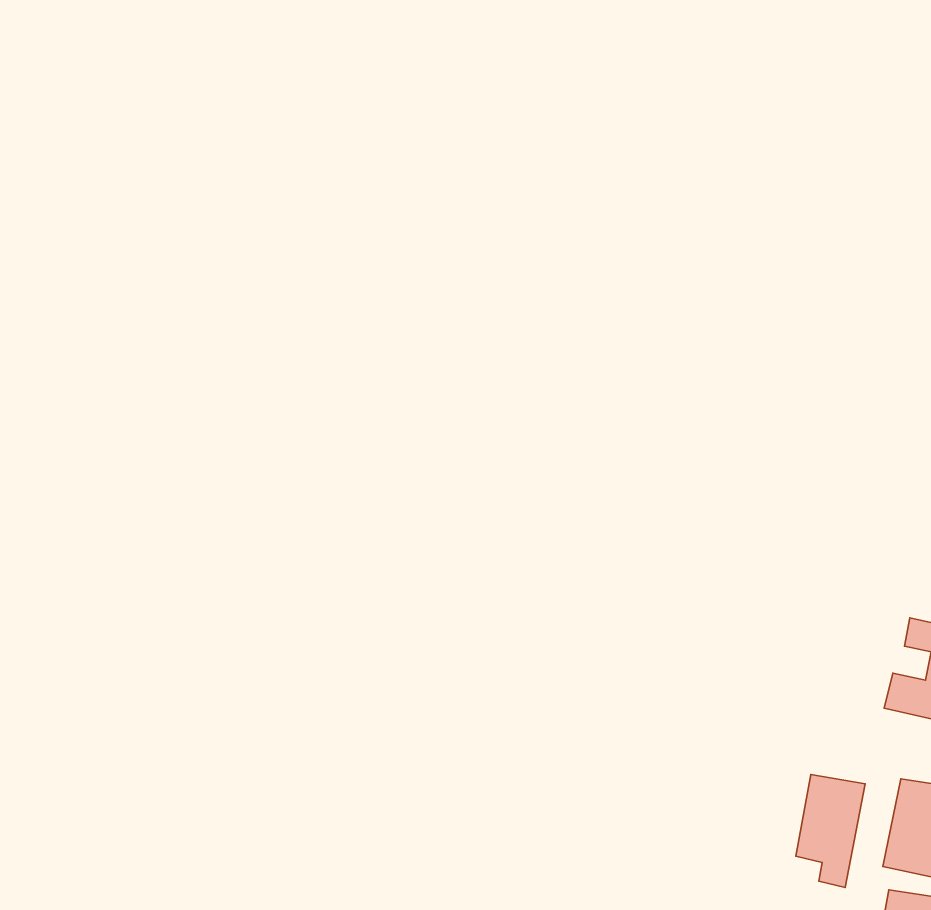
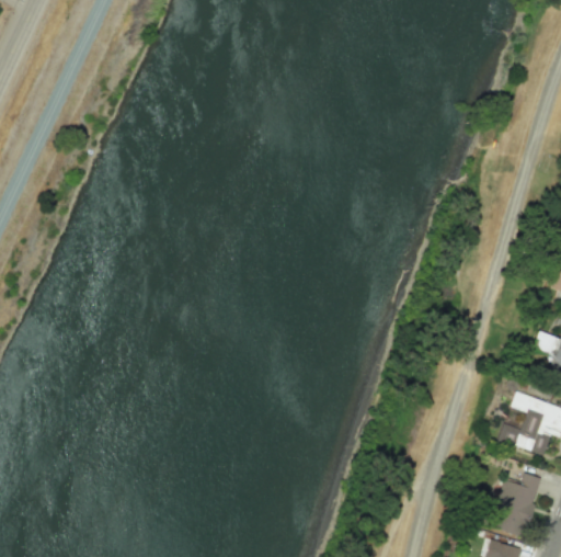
building: [796,775,865,888] -> none

